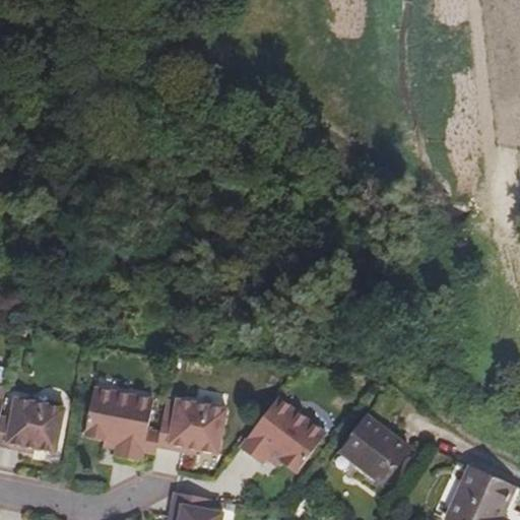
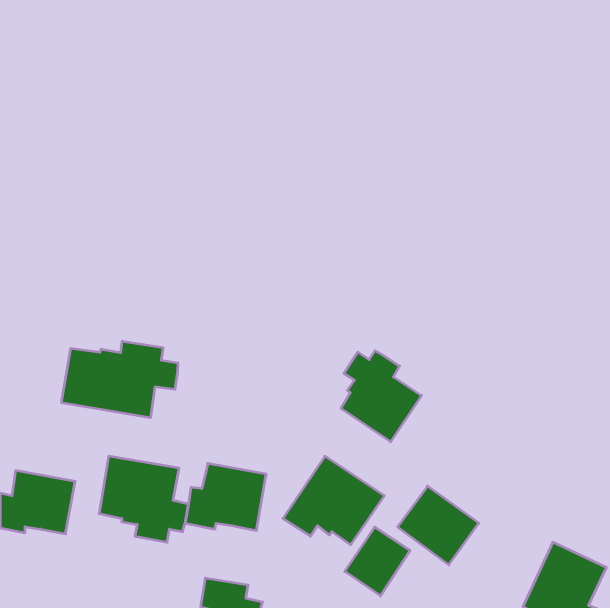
building: none -> [62,341,178,418]
building: none -> [341,351,422,442]
building: none -> [345,527,410,596]

